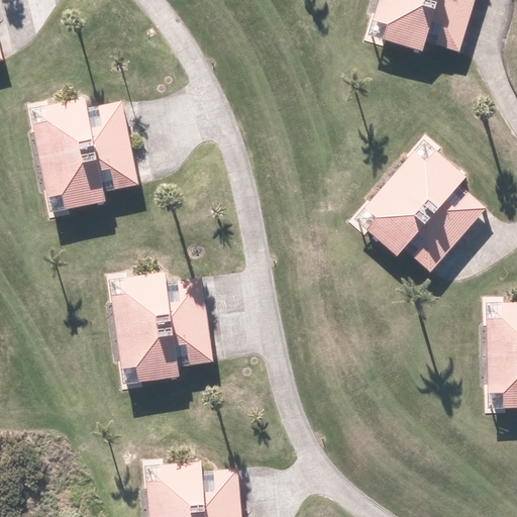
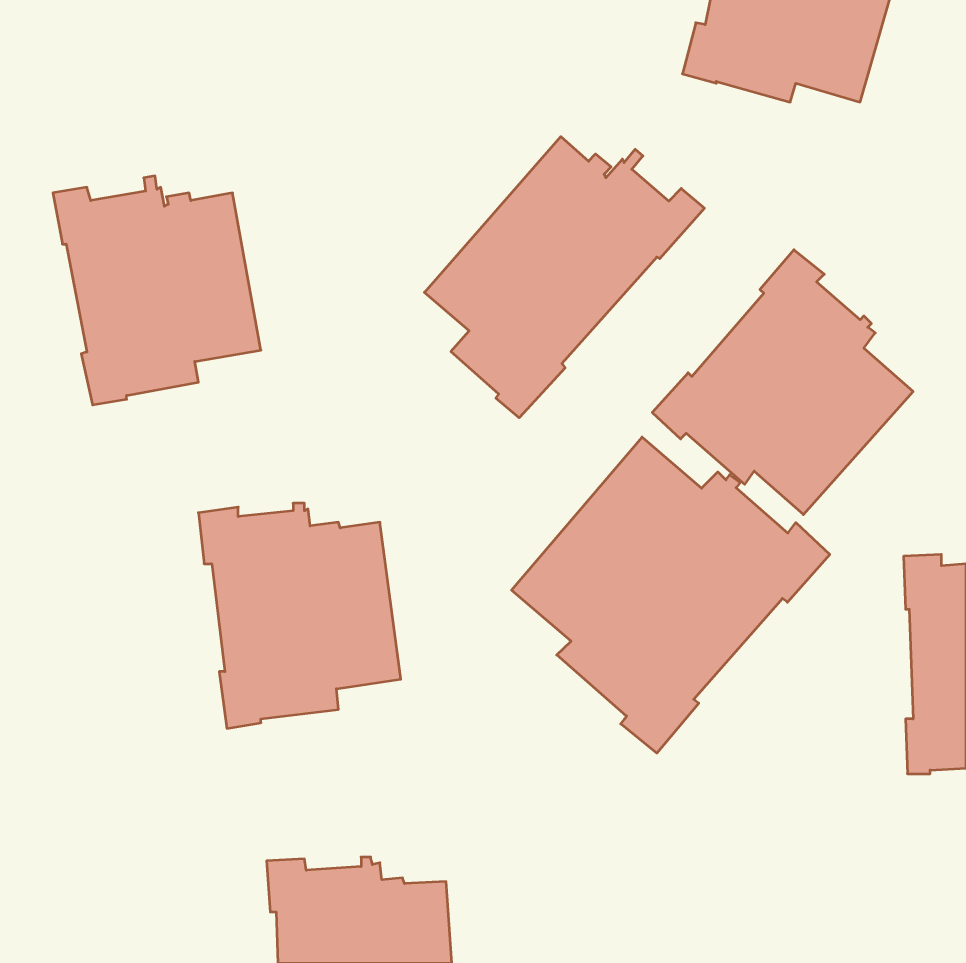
building: none -> [424,137,704,418]
building: none -> [512,437,830,753]

